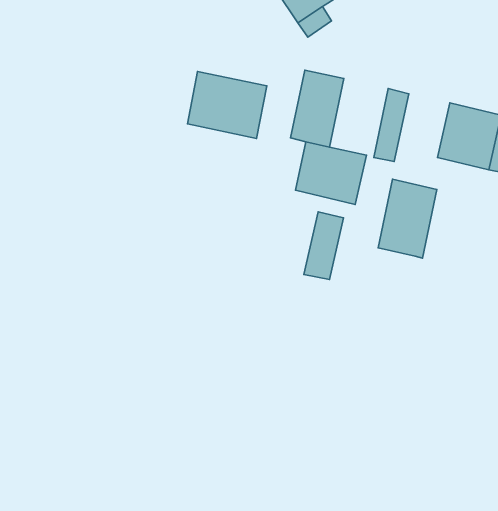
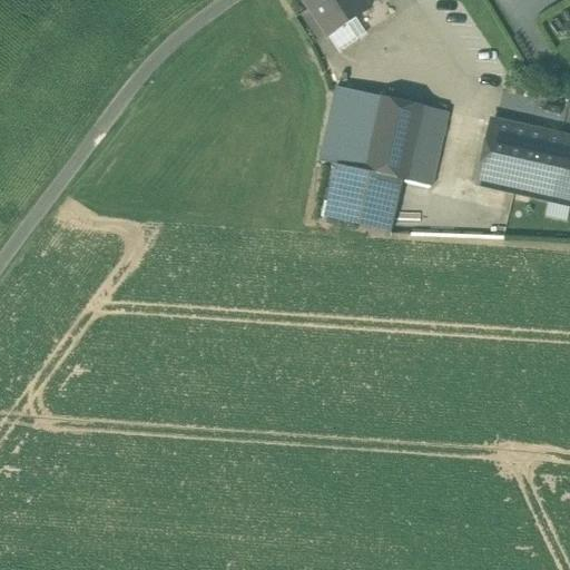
building: [187,71,267,138] -> none
building: [378,179,437,258] -> [363,94,426,179]
building: [304,212,343,280] -> none

